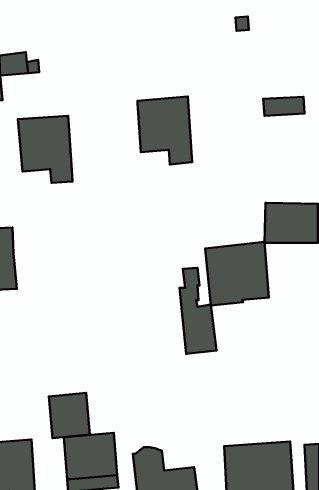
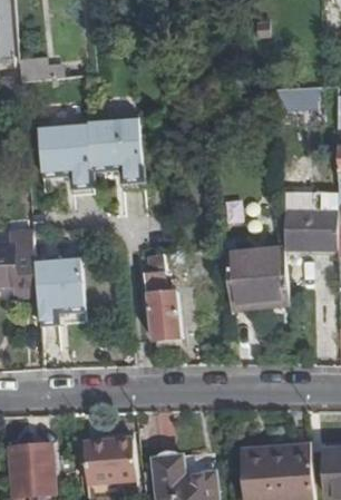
building: [138,96,192,164] -> [88,114,143,182]
building: none -> [33,254,85,324]
building: [180,268,216,354] -> [145,254,182,340]
building: [49,393,90,438] -> none

